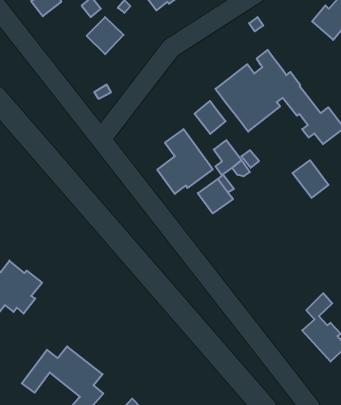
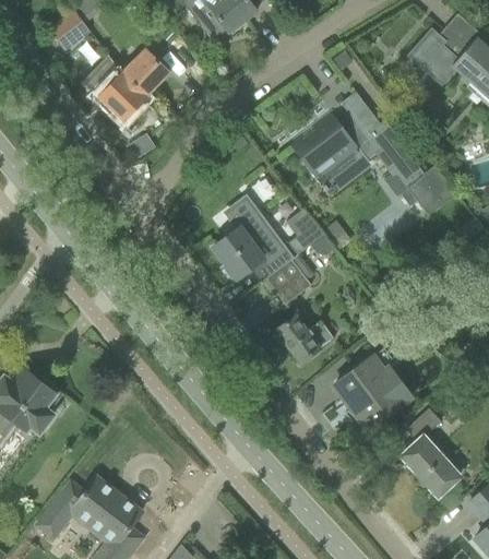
building: none -> [86,59,145,122]
building: [195,101,226,134] -> none
building: [292,160,329,198] -> none
building: none -> [275,314,333,362]
building: none -> [335,361,412,439]

